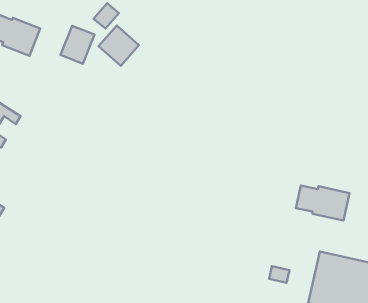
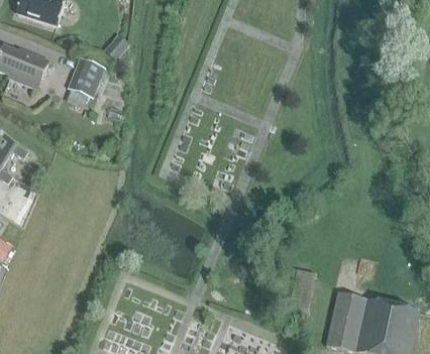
building: [99,25,139,66] -> none
building: [296,186,350,221] -> none

